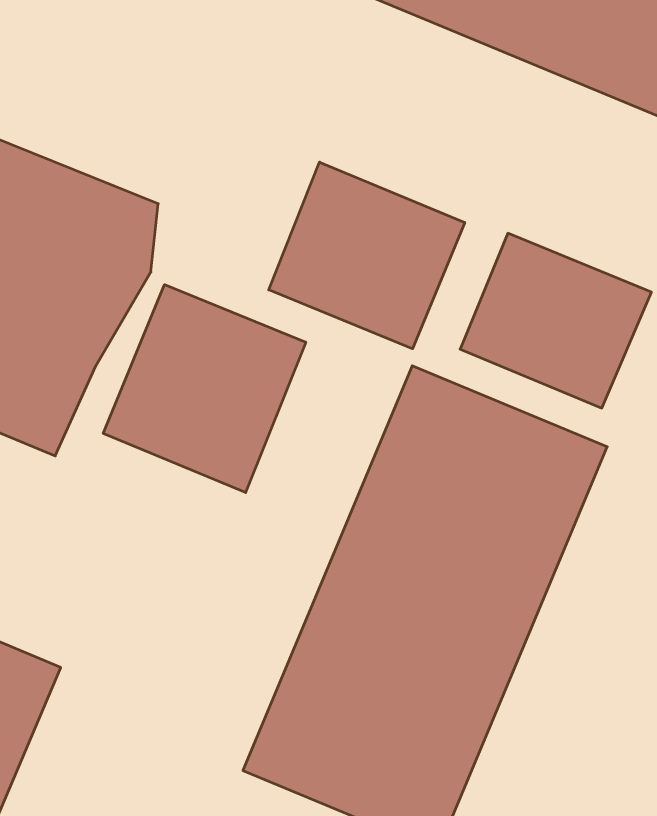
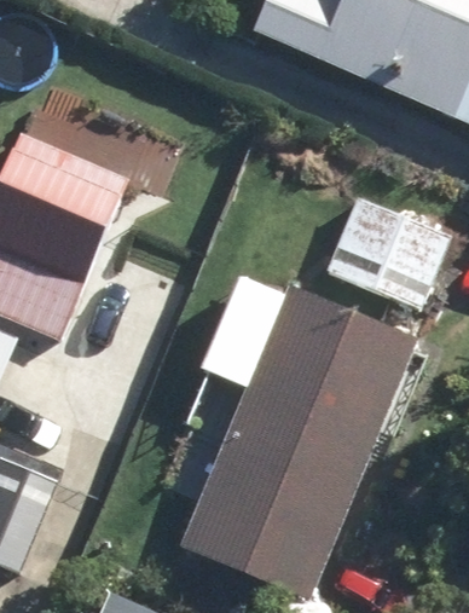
building: [269,162,465,349] -> none
building: [103,285,306,493] -> none

